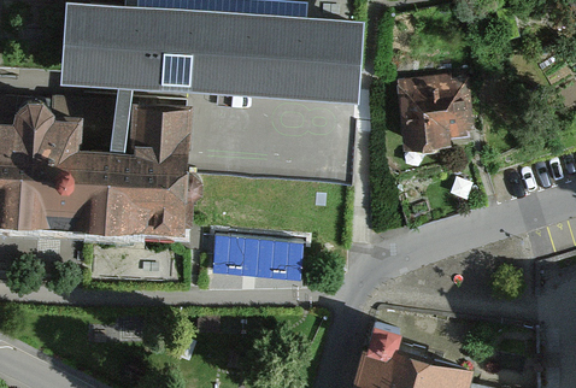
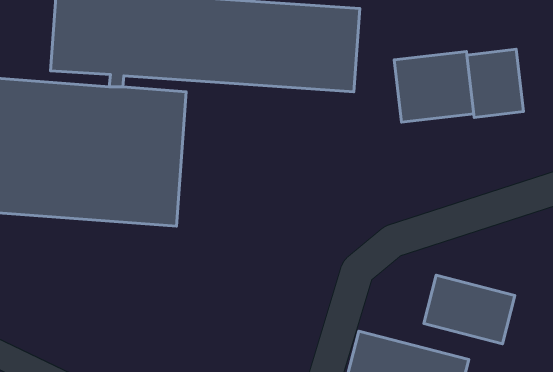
building: none -> [467,49,523,117]
building: none -> [424,275,515,344]

